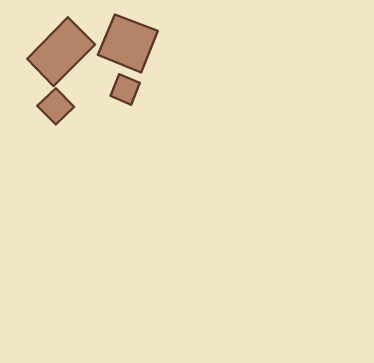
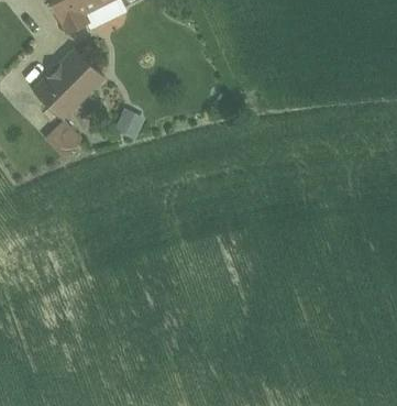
building: [98,14,158,72] -> none

